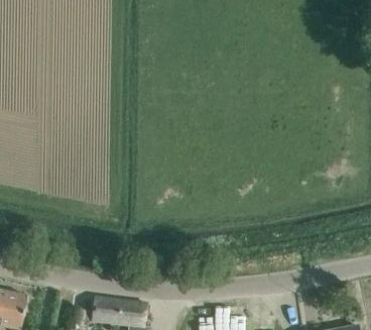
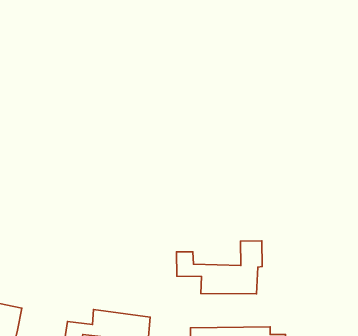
building: none -> [177,241,262,294]

